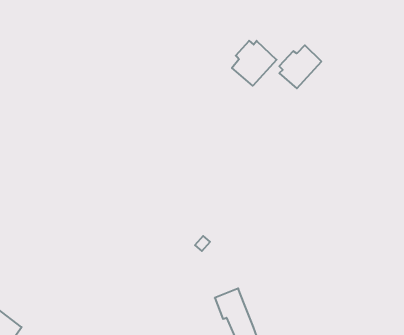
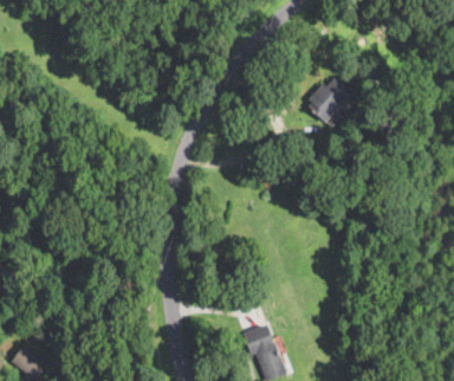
building: [232,41,277,86] -> none

